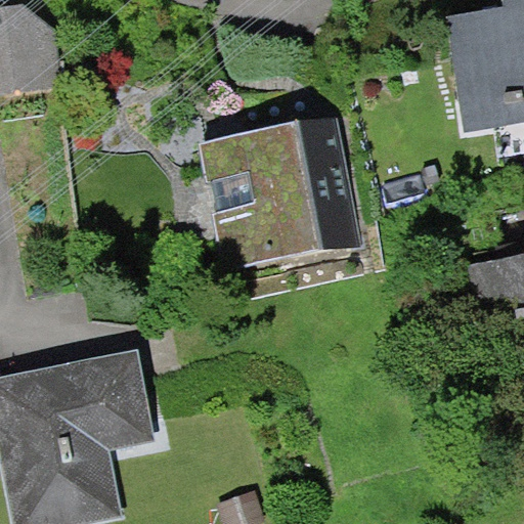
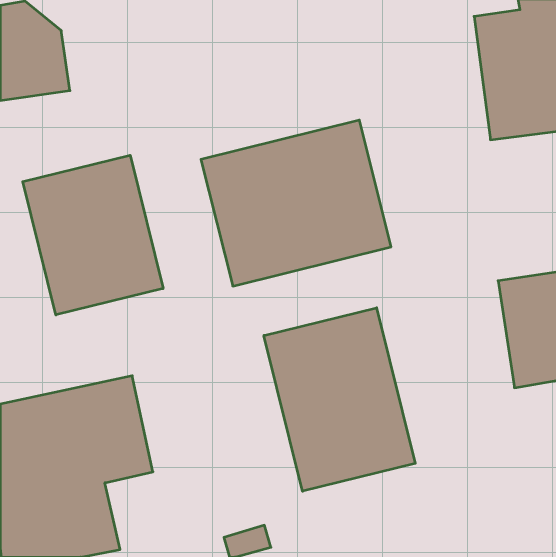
building: none -> [23,155,163,315]
building: none -> [264,308,415,491]

